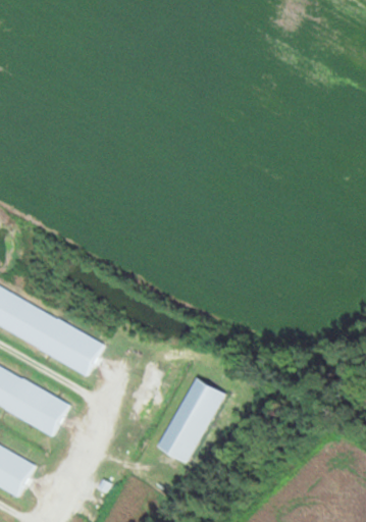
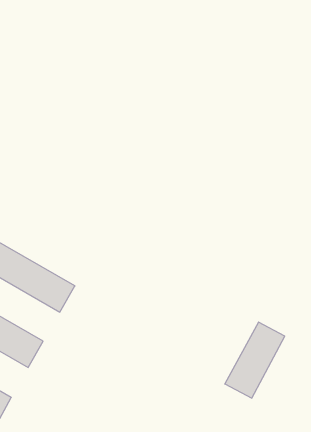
building: [159,378,224,461] -> [225,322,285,398]

